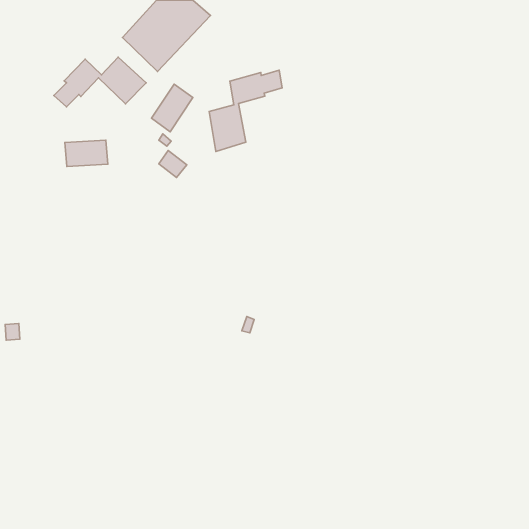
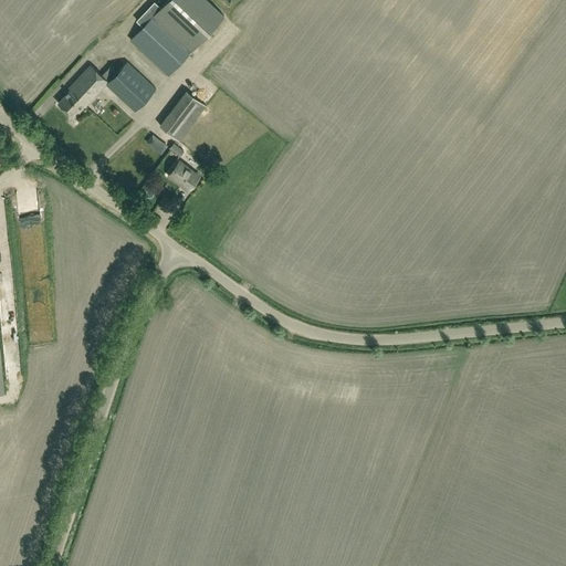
building: [209,70,282,151] -> none
building: [65,140,108,166] -> none

